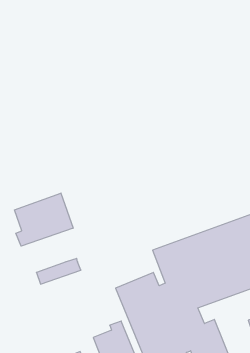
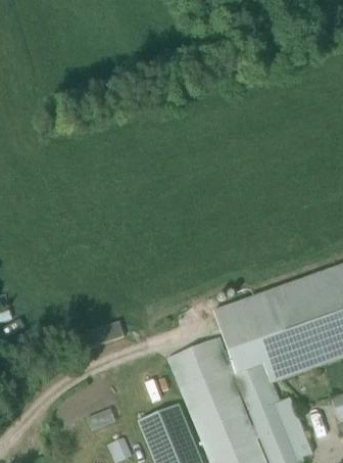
building: [15,193,73,246] -> none

